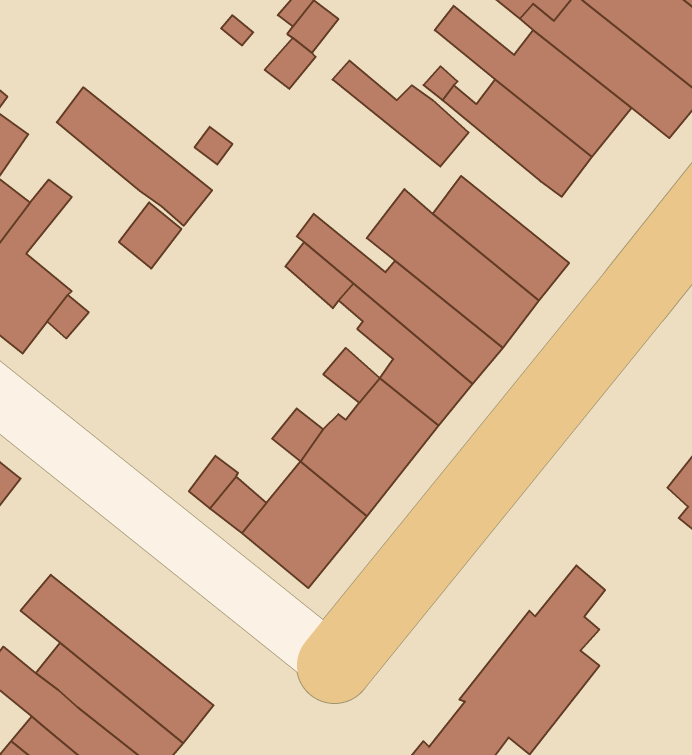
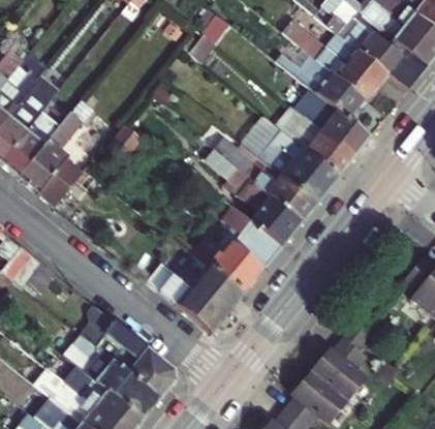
building: [332,61,469,167] -> [294,98,369,156]
building: [57,87,212,226] -> none
building: none -> [70,303,173,398]

